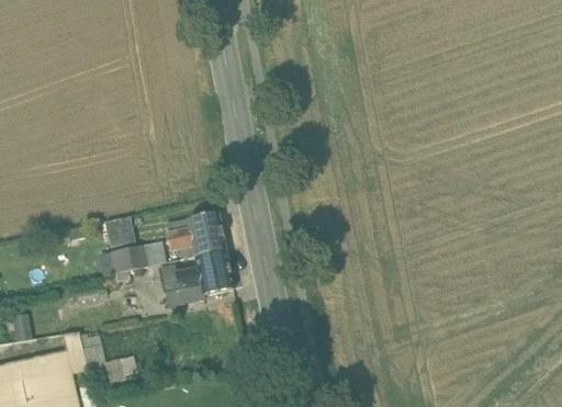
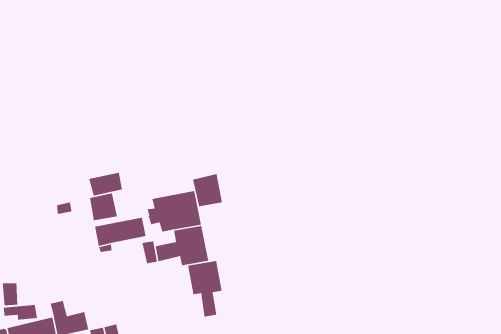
building: none -> [88,172,123,197]
building: none -> [192,173,223,207]
building: none -> [187,260,223,318]

